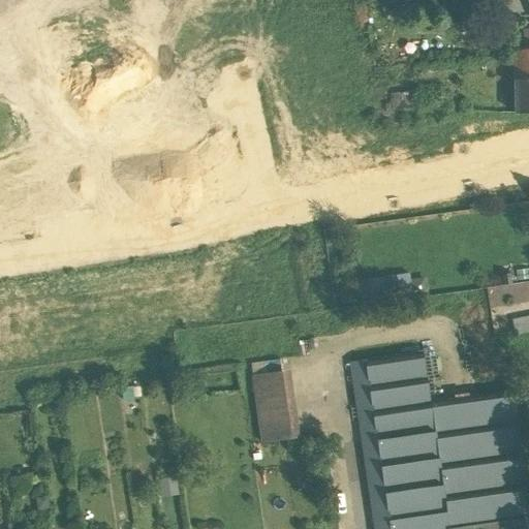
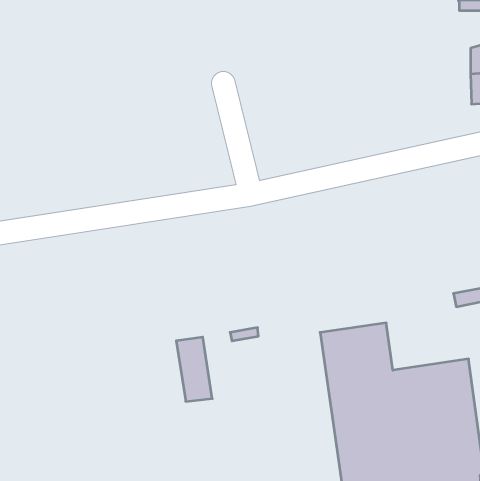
building: [255,375,294,445] -> [176,337,212,401]

